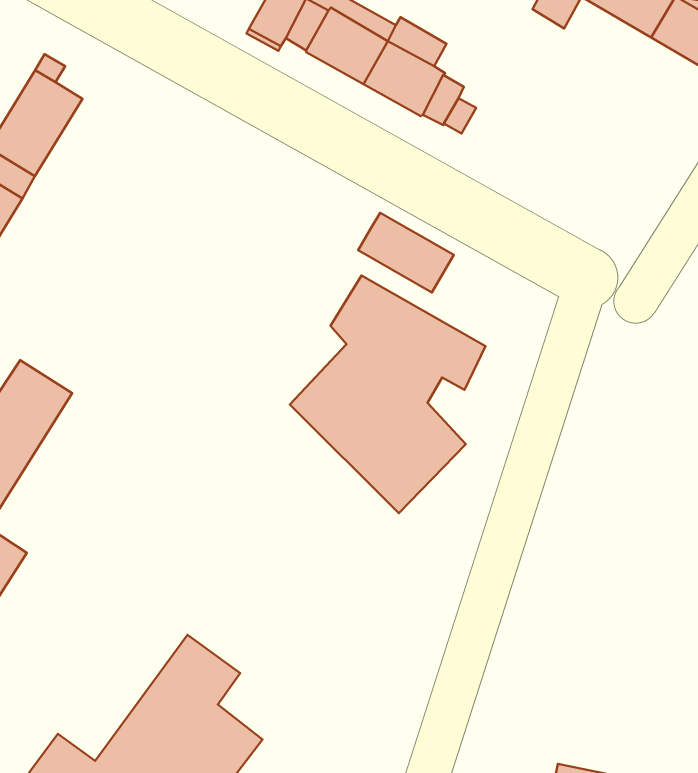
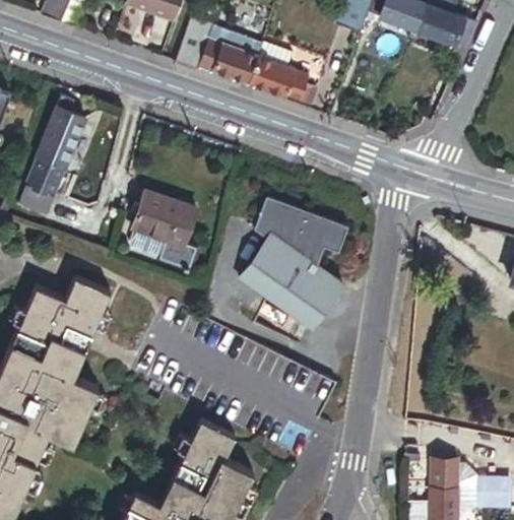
building: [358,213,454,292] -> none
building: none -> [130,198,200,280]

